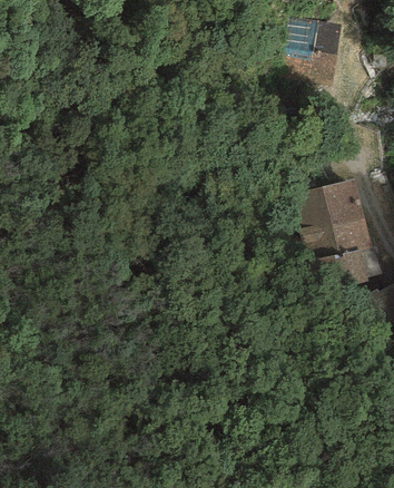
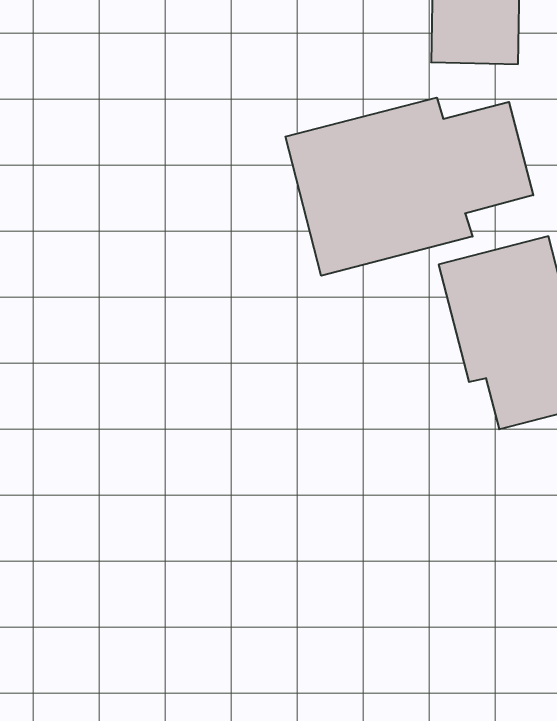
building: none -> [285,98,533,276]

